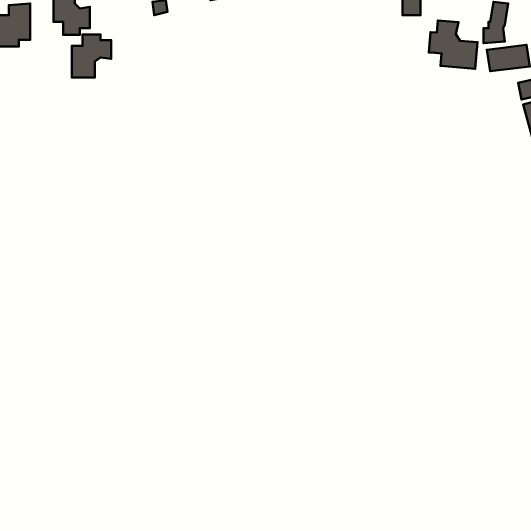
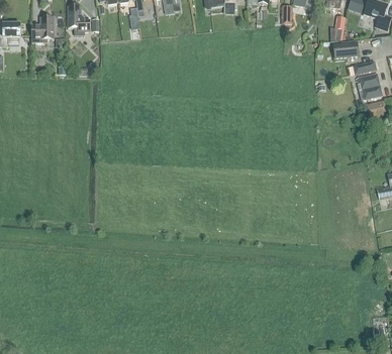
building: [429,20,477,69] -> none
building: [72,35,111,77] -> none

